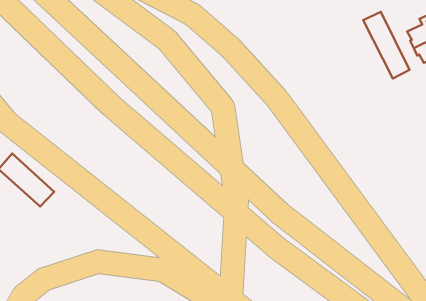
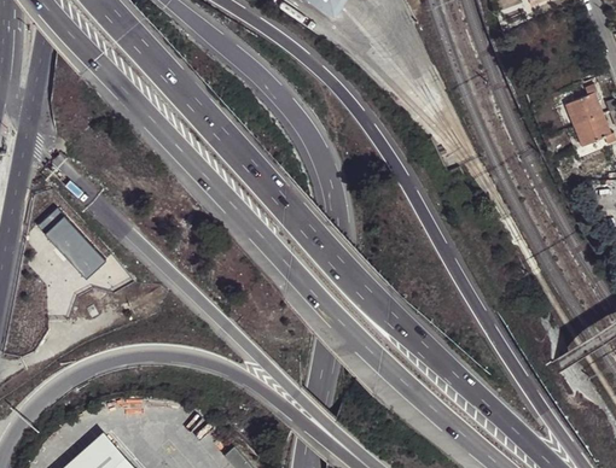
building: [363,12,409,79] -> none

